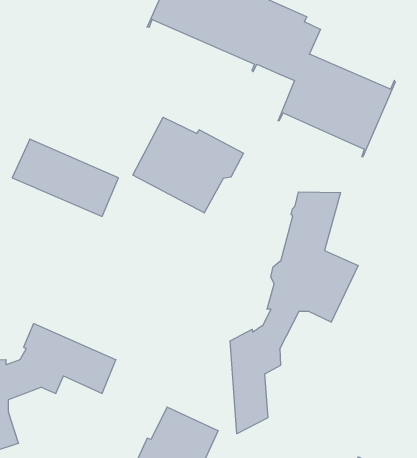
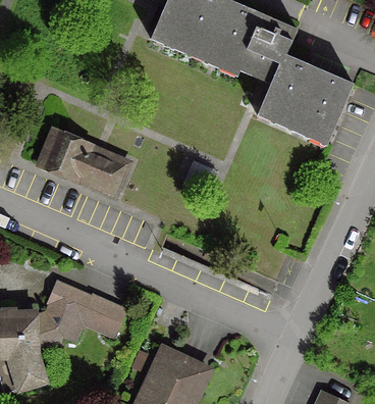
building: [133,117,243,213] -> none
building: [230,192,358,434] -> none

